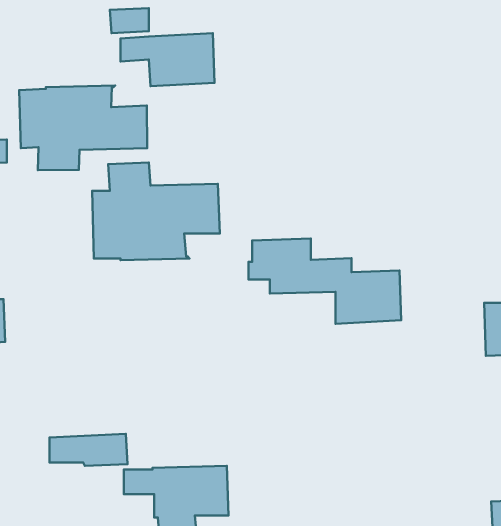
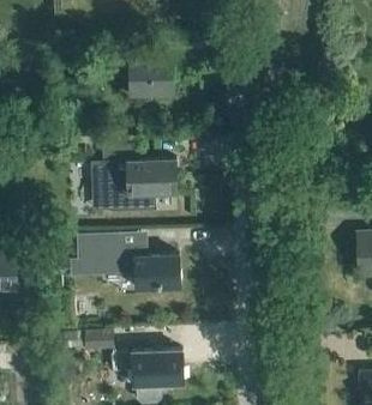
building: [19,86,147,170] -> none
building: [249,239,401,324] -> [77,232,180,290]

